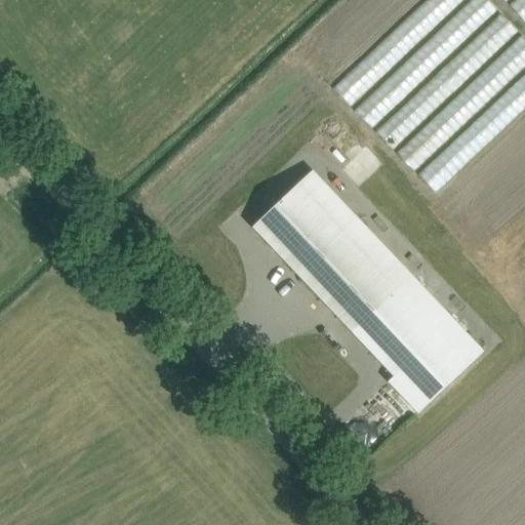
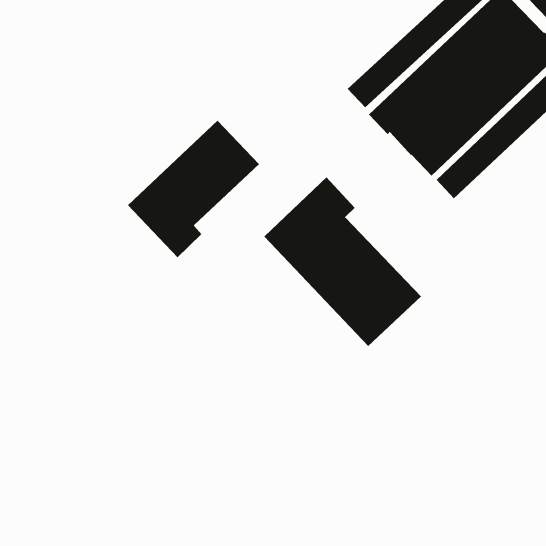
building: none -> [127,120,260,258]
building: [354,276,484,412] -> none

